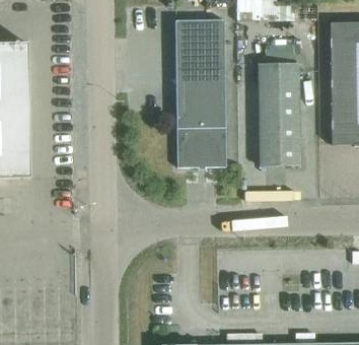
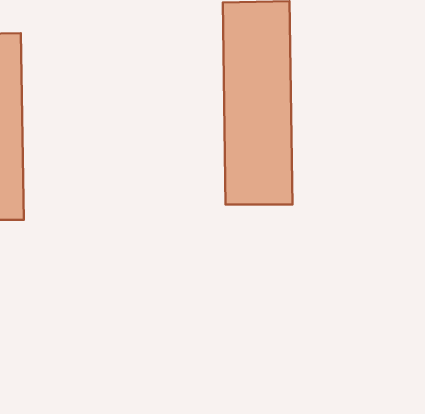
building: [258,44,300,165] -> none

